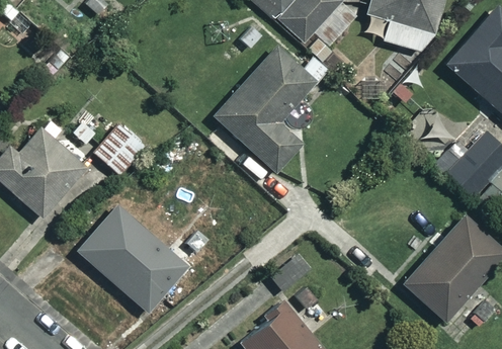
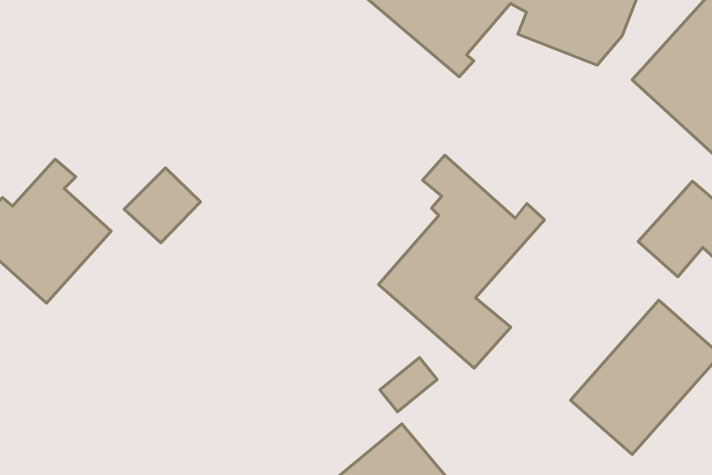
building: [212,25,326,172] -> [379,155,545,368]
building: [77,204,186,312] -> none

